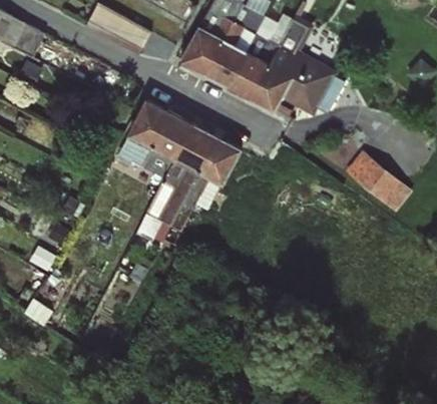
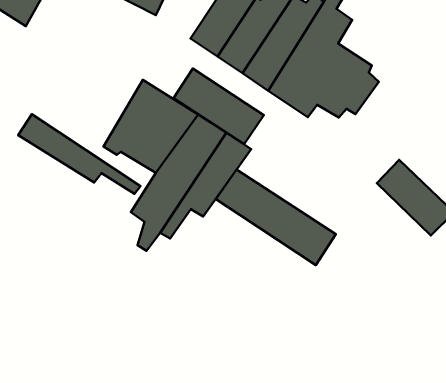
building: none -> [173,68,264,144]
building: none -> [18,114,141,194]
building: none -> [216,169,336,265]

